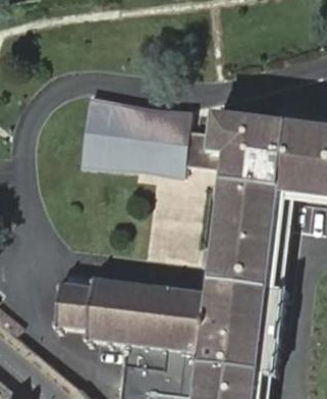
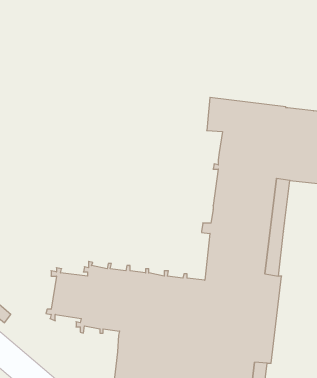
building: [77,101,225,180] -> none

